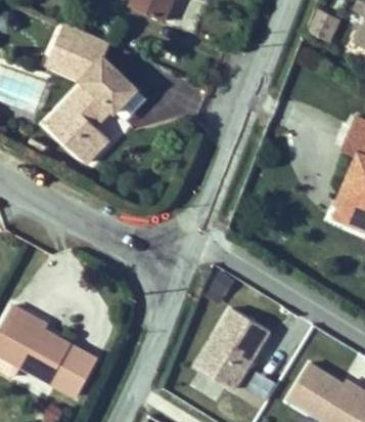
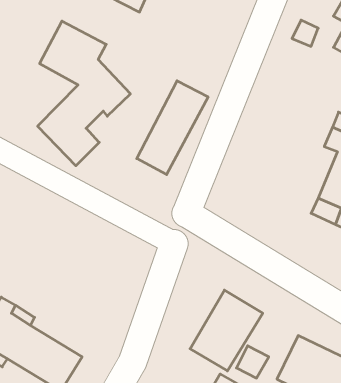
building: none -> [137,81,208,175]

